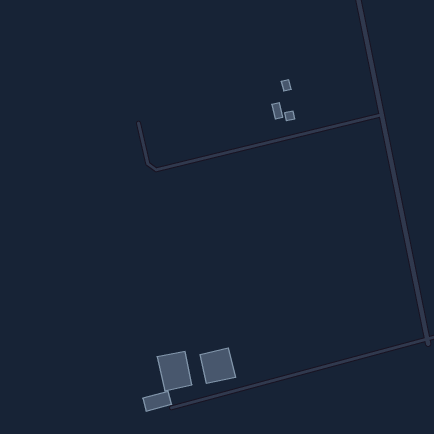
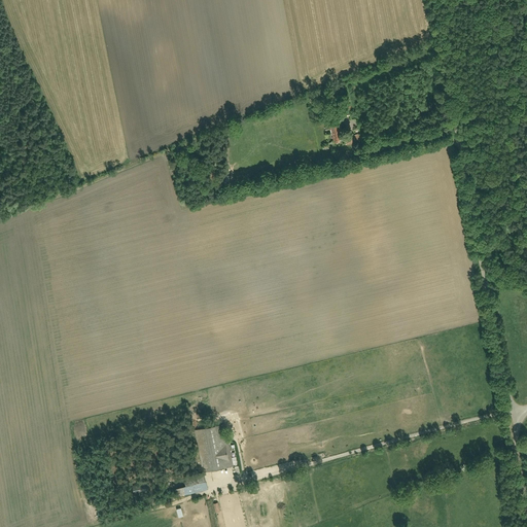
building: [200,348,236,383] -> none

